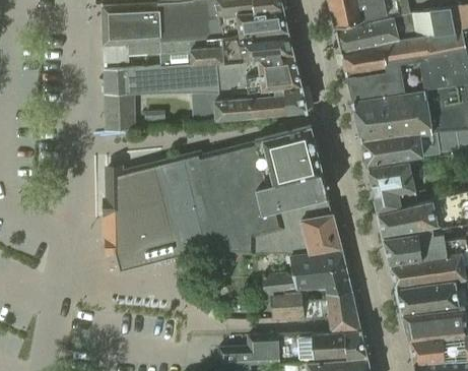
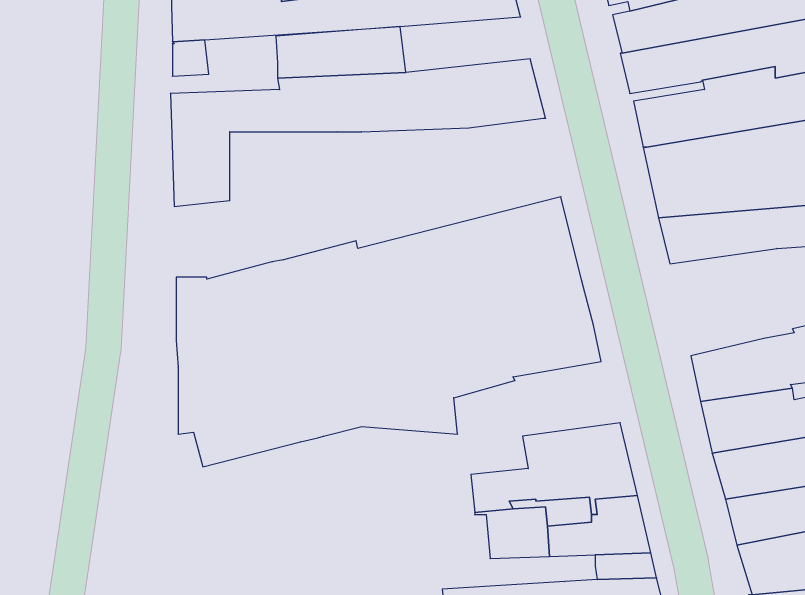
building: [224,30,293,60] -> none
building: [121,41,159,61] -> none
building: [191,84,306,120] -> none
building: [369,162,417,210] -> none
building: [253,212,341,253] -> none

